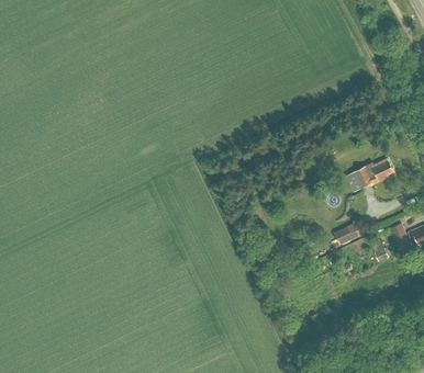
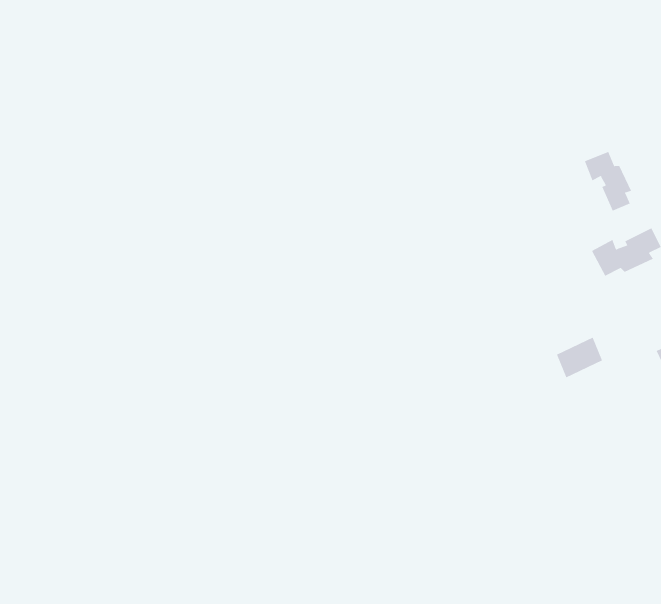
building: none -> [584,151,632,212]

